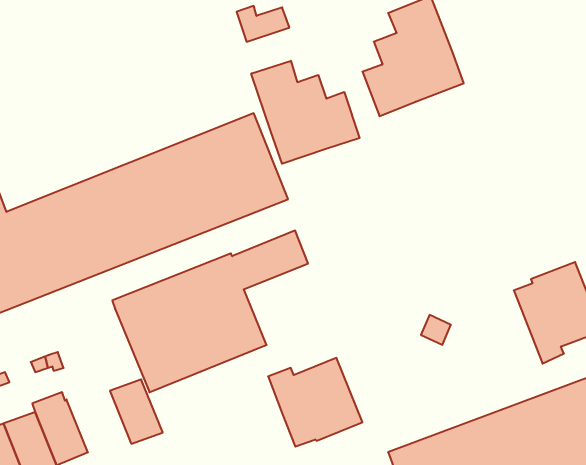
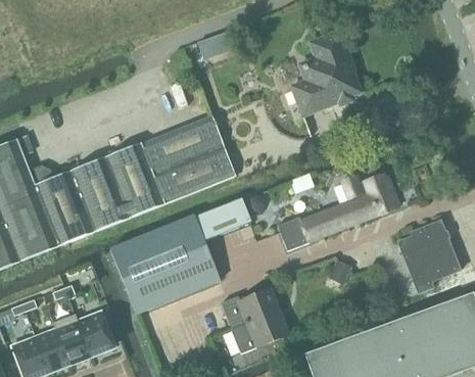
building: [251,61,360,164] -> none
building: none -> [278,172,397,248]
building: [110,379,163,444] -> [78,310,115,356]

